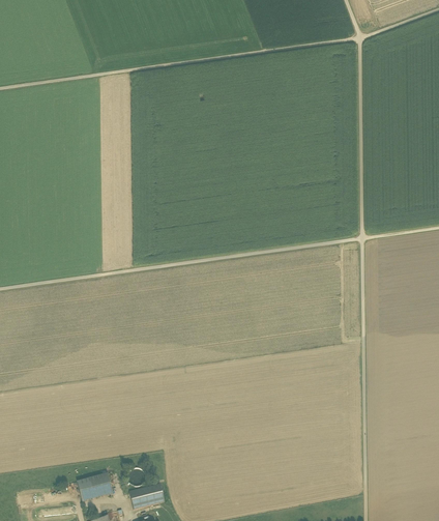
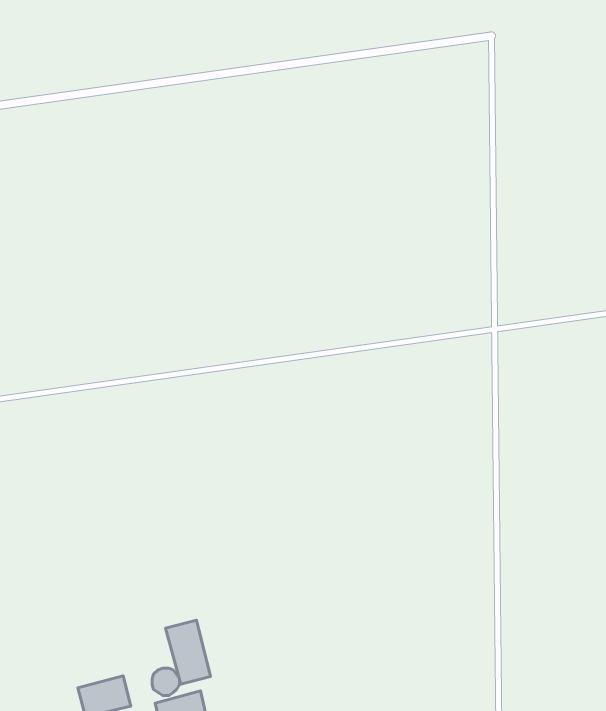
building: none -> [165,620,211,684]

